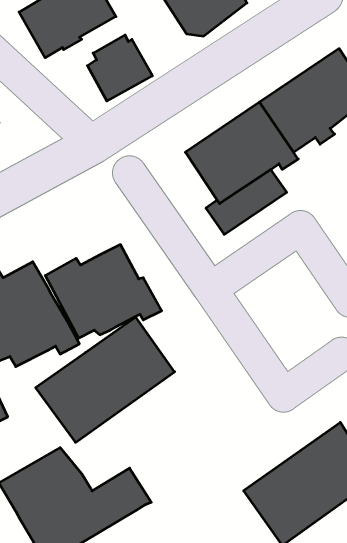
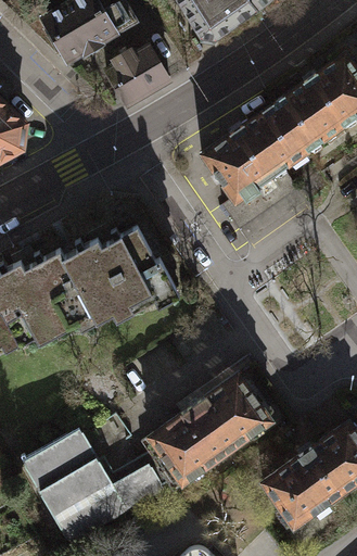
building: [36,317,175,442] -> [141,362,273,481]

